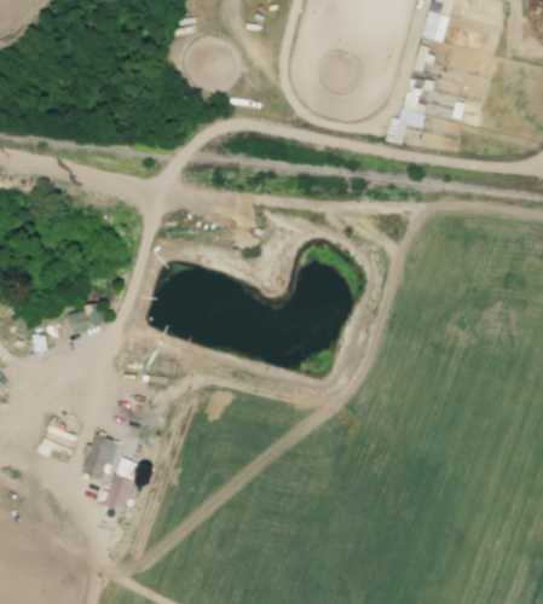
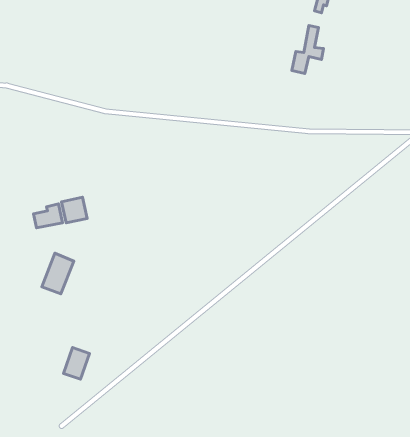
building: none -> [62,197,87,223]
building: [83,434,122,483] -> [42,253,74,294]

